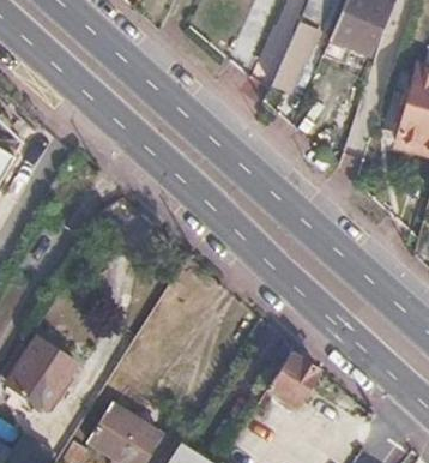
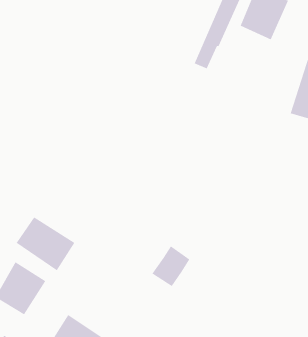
building: none -> [16,217,75,271]
building: [266,355,315,408] -> [152,245,190,287]

